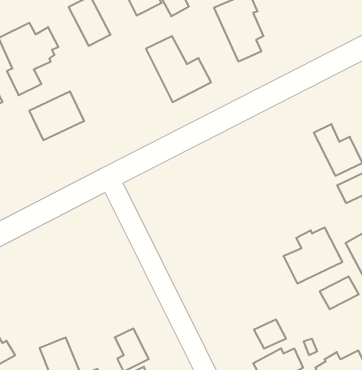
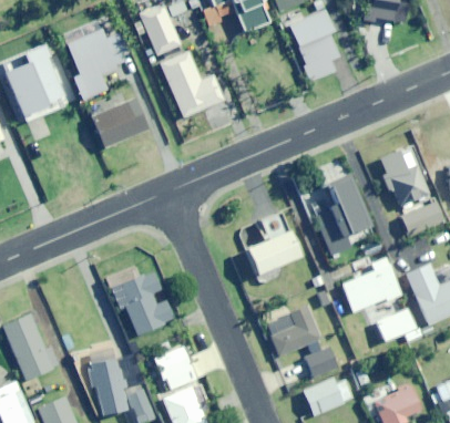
building: [146,36,211,102] -> [160,50,224,117]
building: none -> [313,174,367,256]
building: none -> [245,210,299,275]
building: none -> [110,269,173,336]
building: none -> [273,306,321,355]

